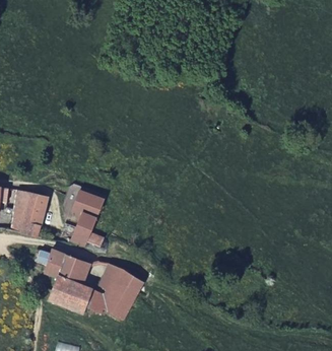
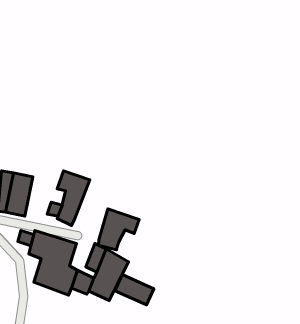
building: none -> [98,209,139,250]
building: none -> [115,274,154,305]

